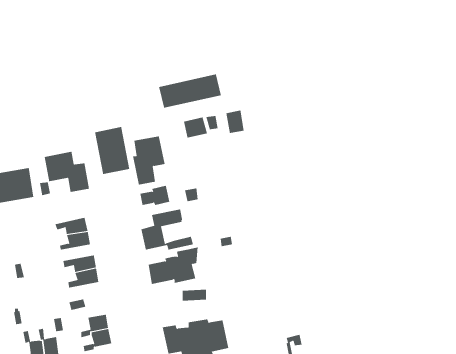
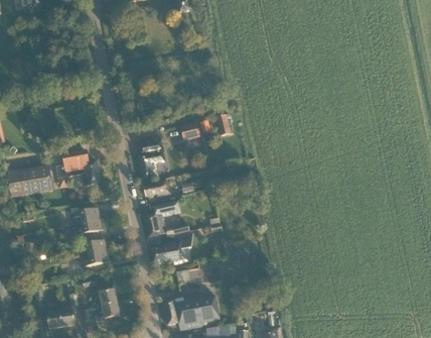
building: [158,74,221,109] -> none
building: [95,126,130,175] -> none

